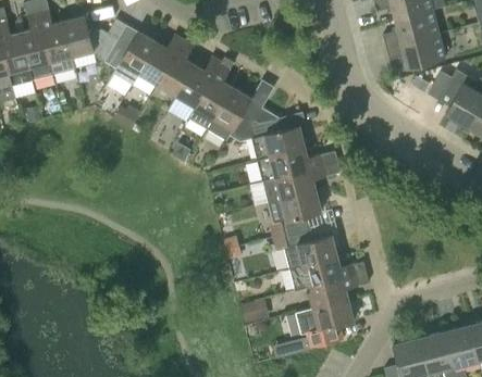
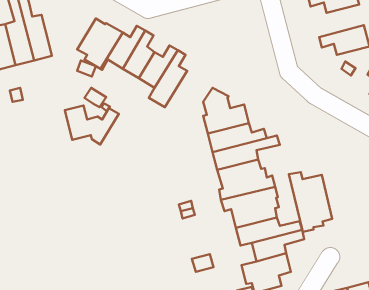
building: [383,9,438,47] -> none
building: [63,15,126,61] -> [65,105,119,145]
building: [207,86,262,141] -> none
building: none -> [289,172,332,232]

